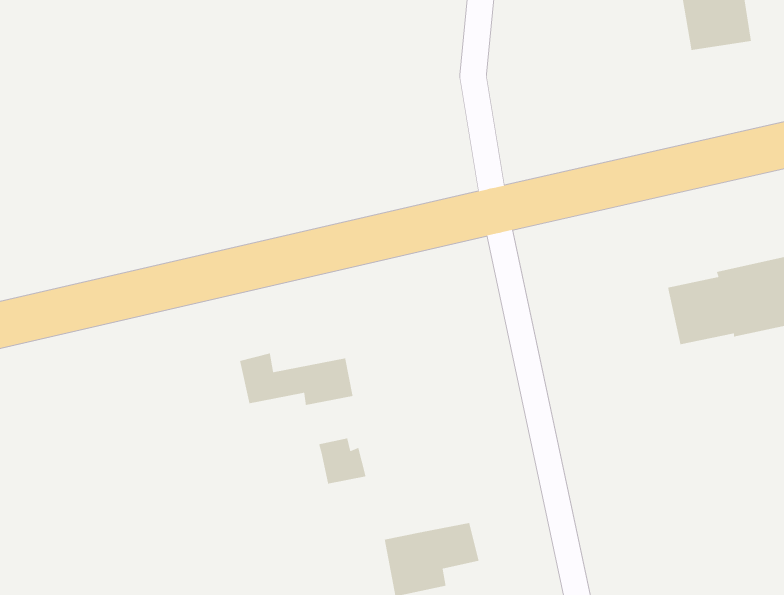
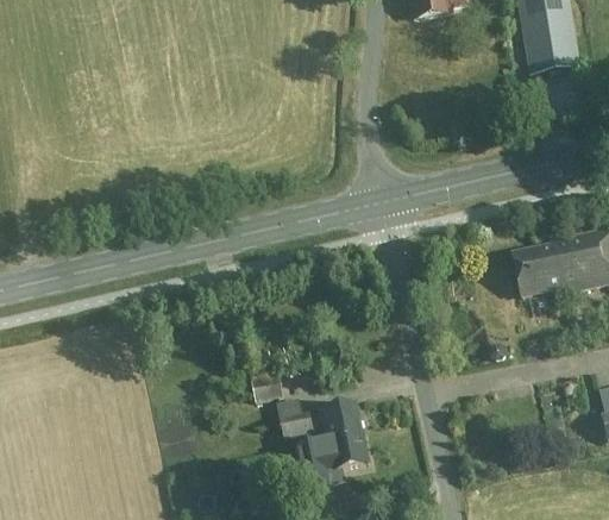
building: [239,353,354,406] -> [276,397,363,438]

